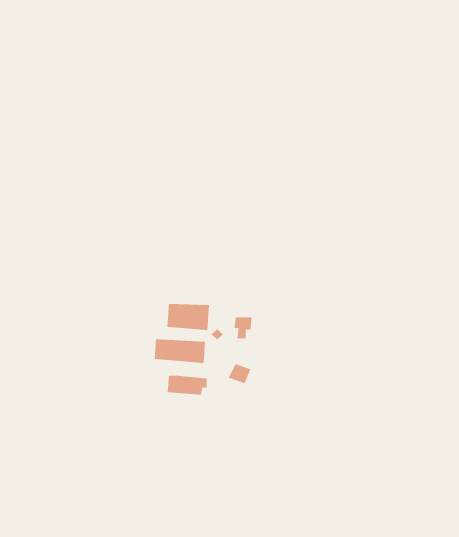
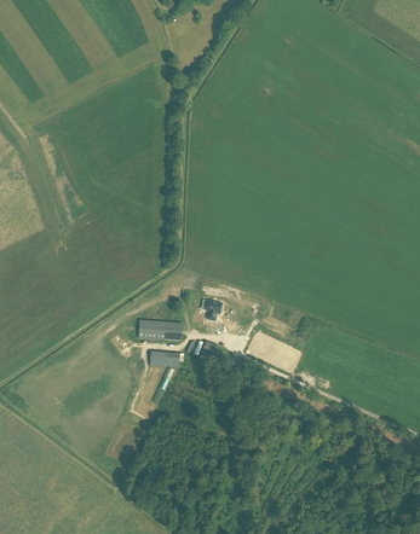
building: [167,303,210,331] -> none

